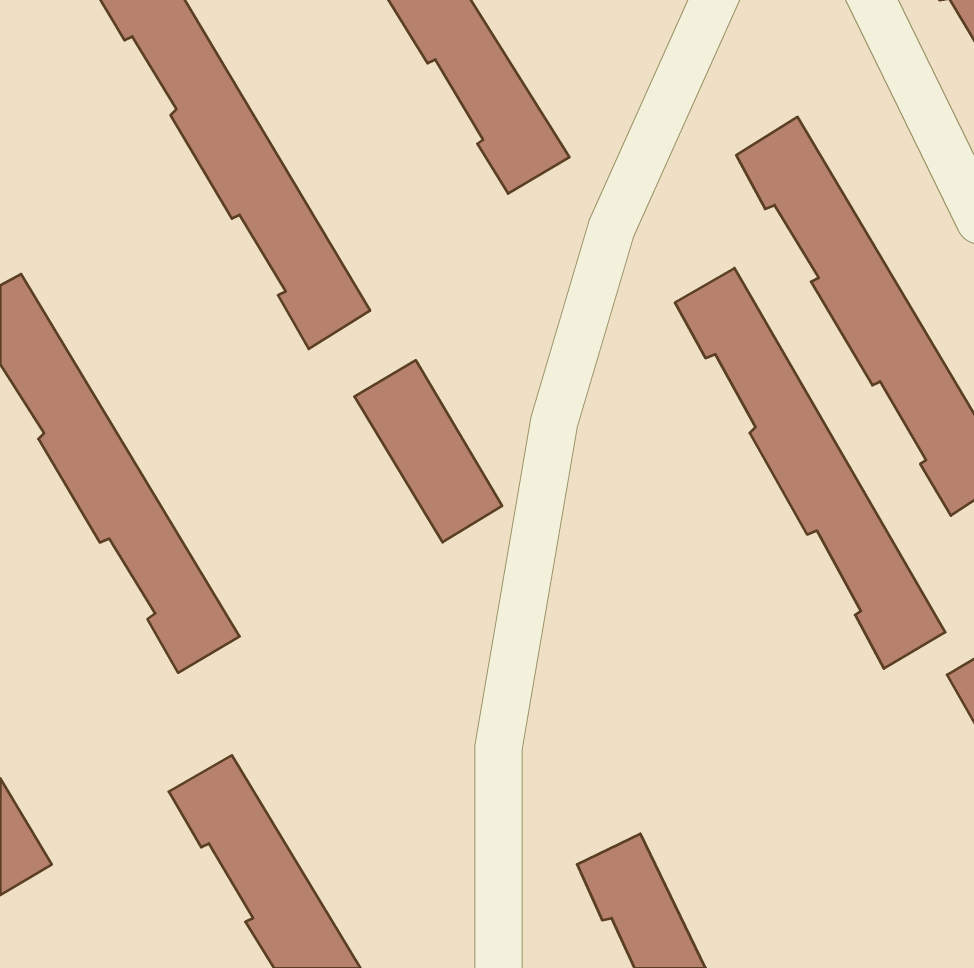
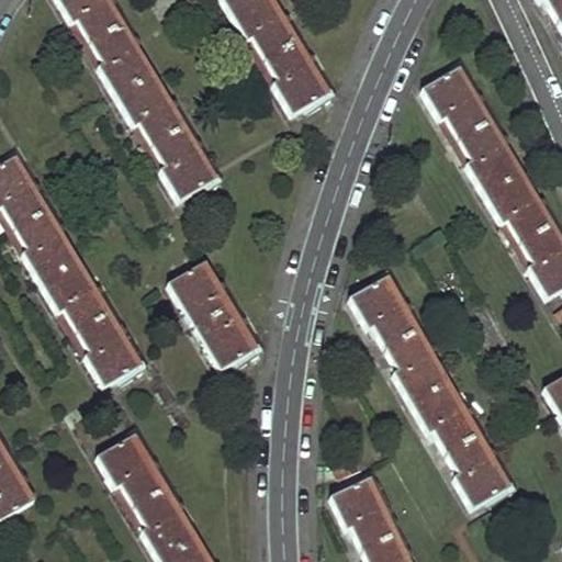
building: [675,268,945,669] -> [352,277,507,506]
building: [354,360,502,542] -> [171,261,256,366]

